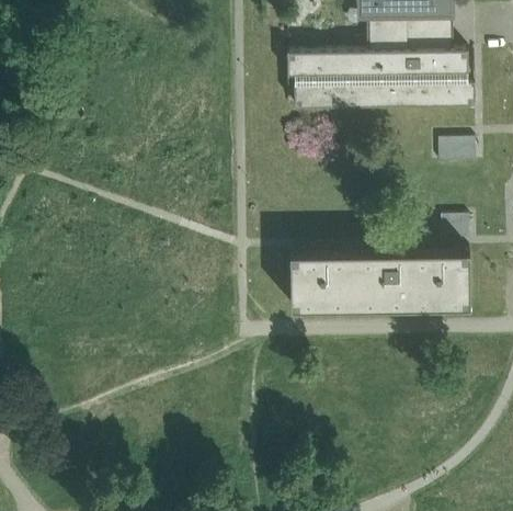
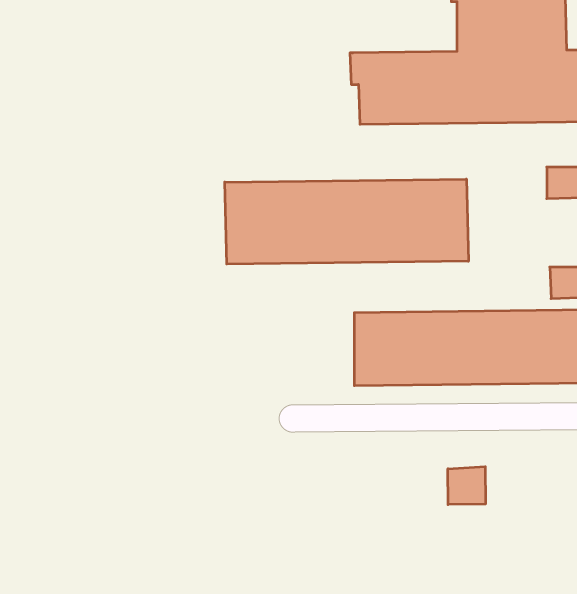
building: none -> [225,179,468,264]
building: none -> [448,467,485,505]

